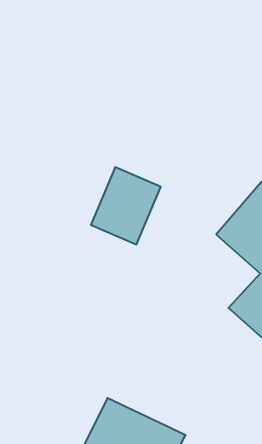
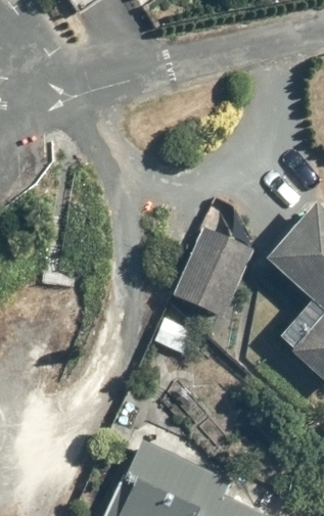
building: [91,167,161,244] -> [172,232,248,317]

